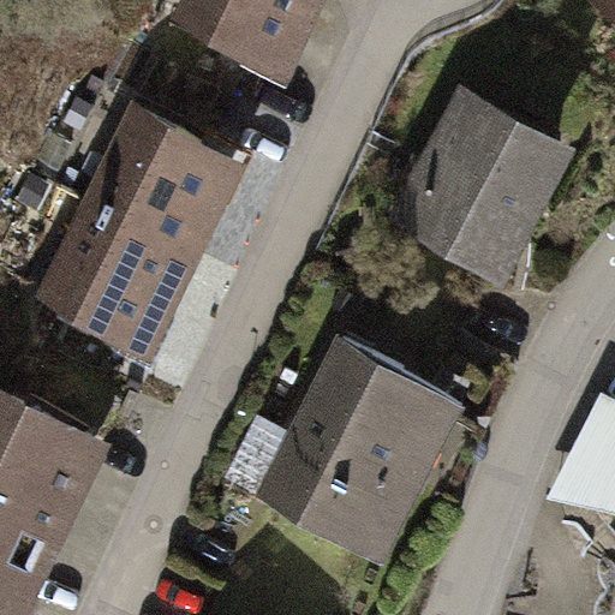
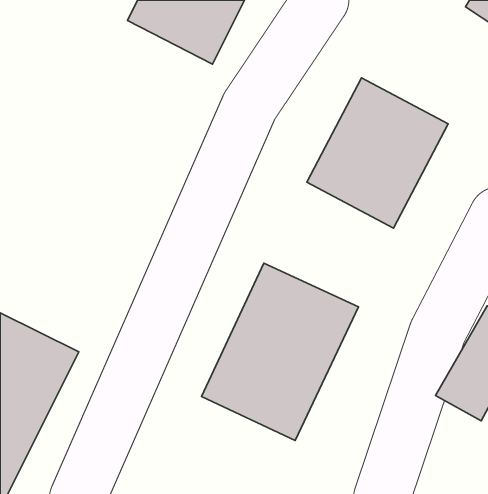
building: [49,108,243,365] -> none

